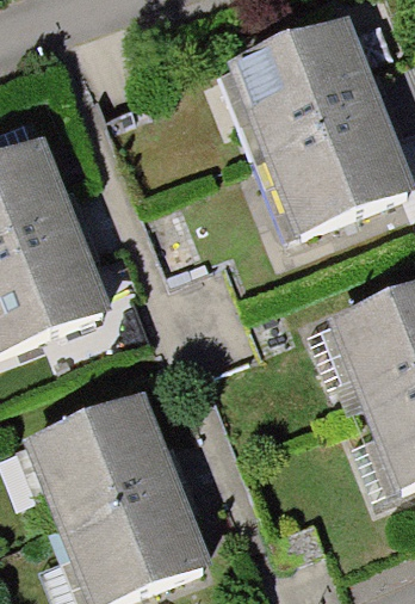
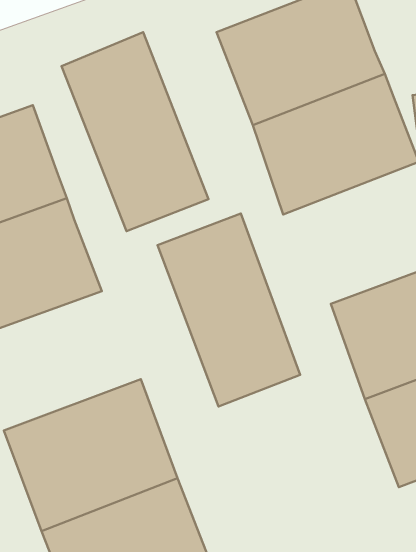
building: none -> [62,32,208,231]
building: none -> [158,214,300,406]

